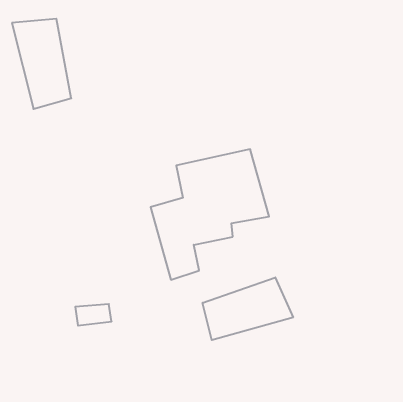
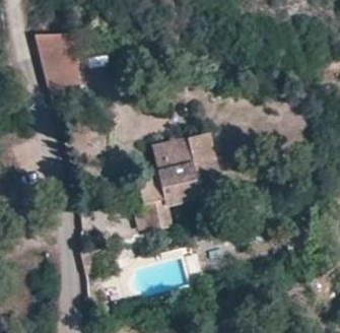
building: [203,277,293,340] -> none

